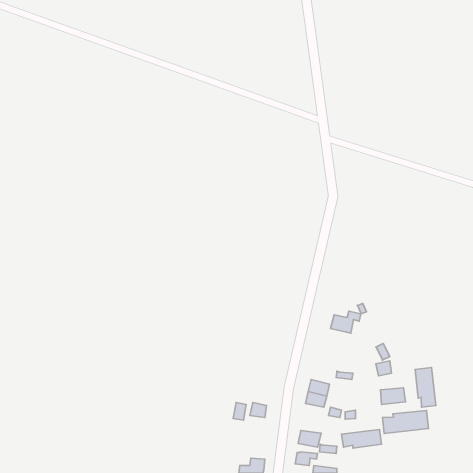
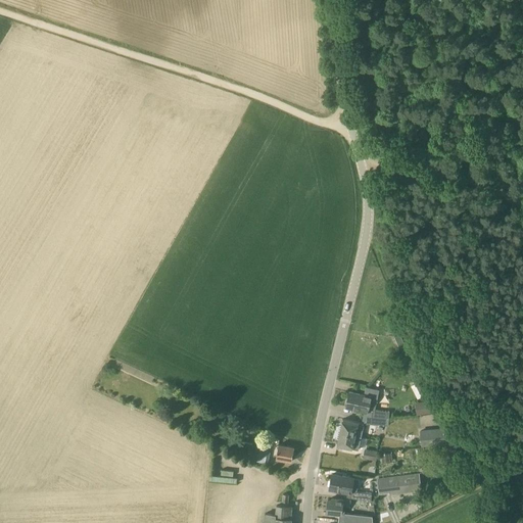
building: [330,311,361,333] -> [345,387,379,412]
building: [415,368,436,407] -> none
building: [383,410,429,433] -> none

